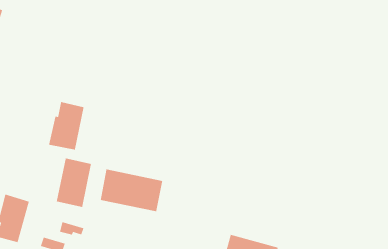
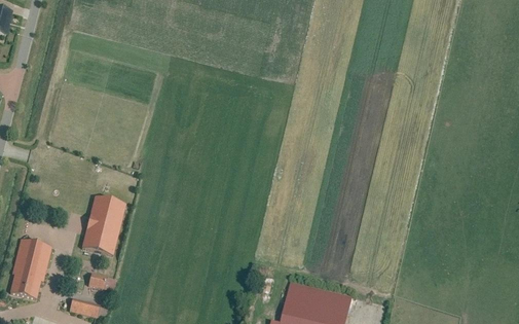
building: [48,101,85,150] -> none
building: [100,169,163,212] -> none

